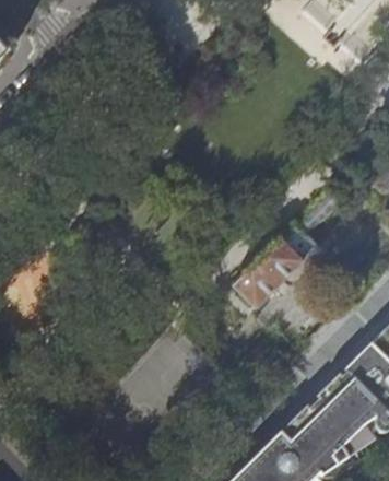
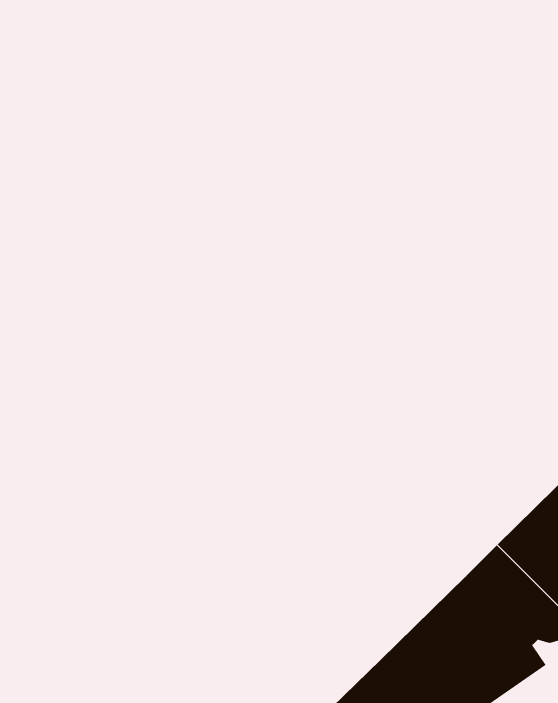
building: [229,228,314,313] -> none

